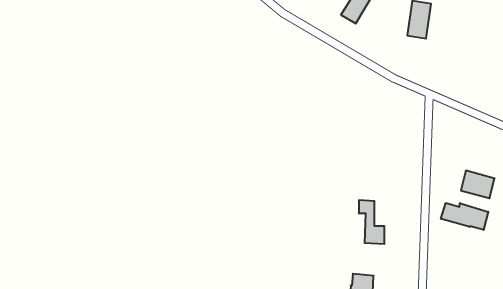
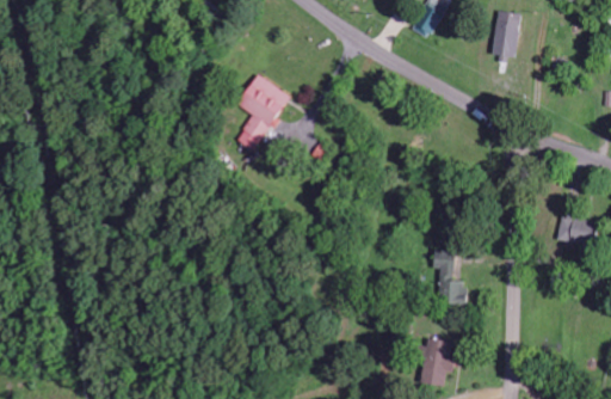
building: none -> [236,74,288,143]
building: [441,203,488,230] -> none

